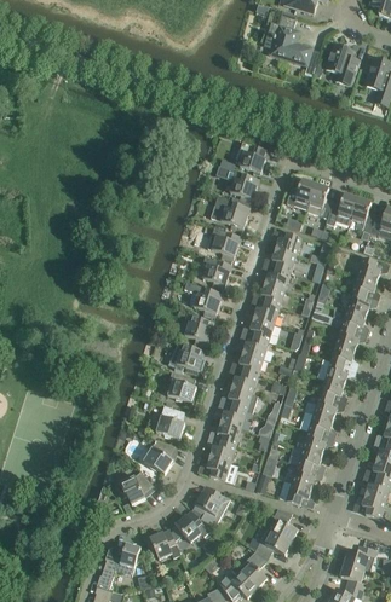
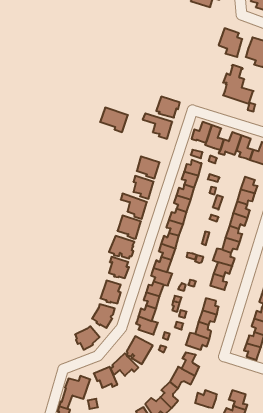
building: [269,10,315,76] -> [223,65,255,111]
building: [209,196,249,231] -> [100,108,128,132]
building: [299,410,333,434] -> none
building: [344,544,375,569] -> [195,390,217,408]

